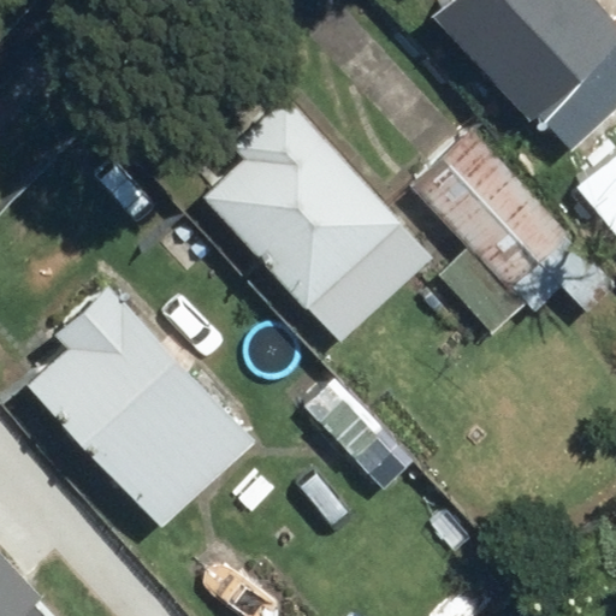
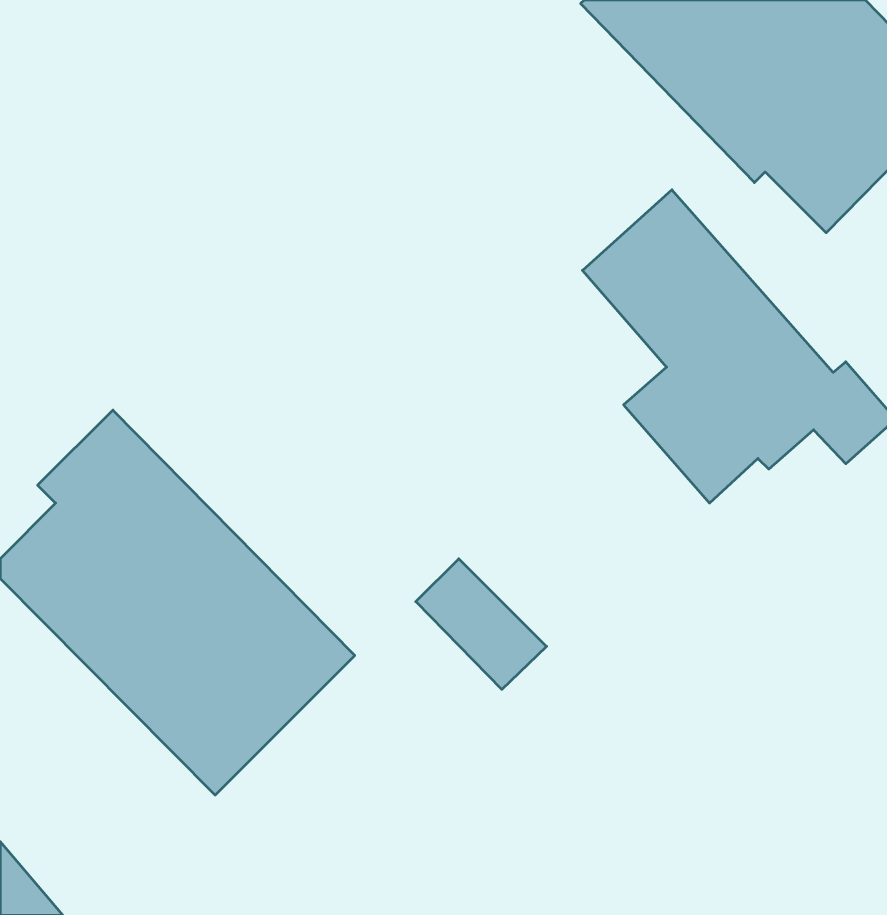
building: [202,85,433,336] -> none

